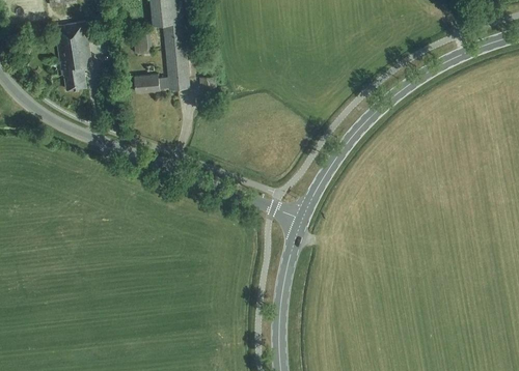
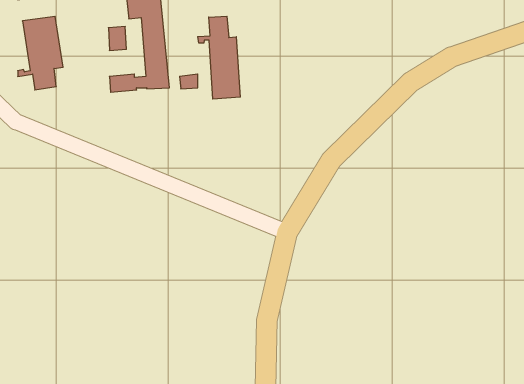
building: none -> [198,16,240,99]

